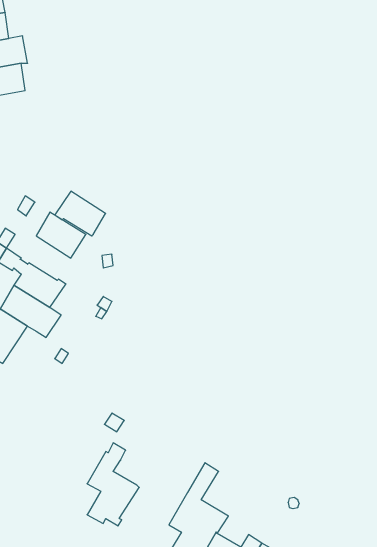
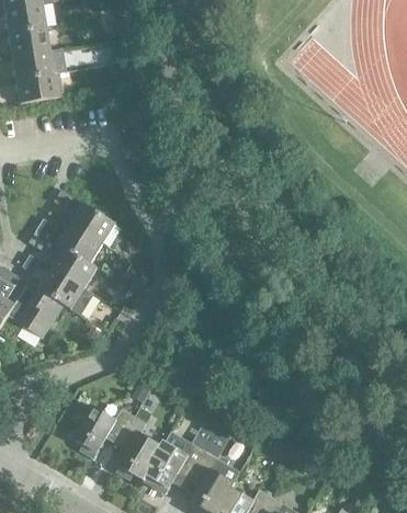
building: [55,191,106,236] -> [57,225,102,264]
building: none -> [72,406,133,458]
building: none -> [145,419,221,493]

